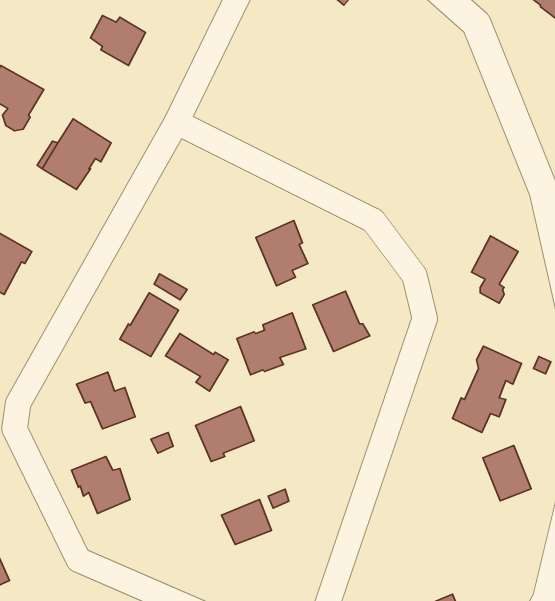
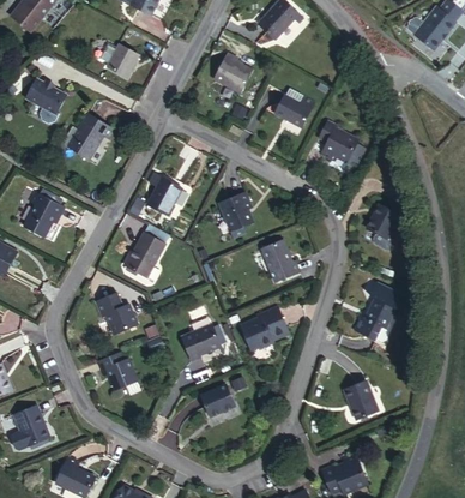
building: none -> [215,54,252,94]
building: none -> [274,91,315,127]
building: none -> [316,119,363,162]
building: none -> [151,174,186,214]
building: [237,313,306,375] -> [235,301,283,344]
building: [165,334,228,391] -> none
building: [483,446,531,501] -> [345,374,379,413]

